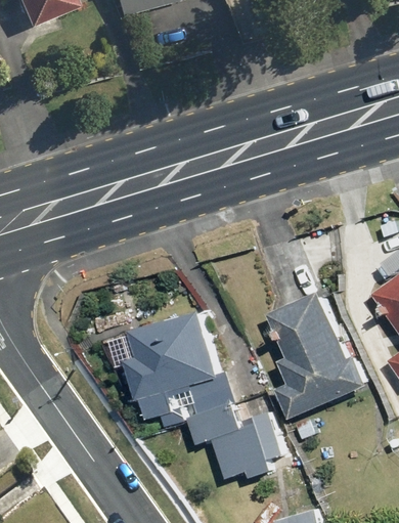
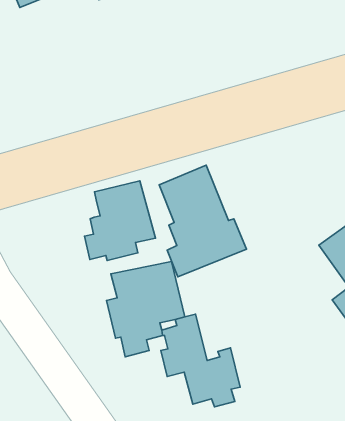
building: none -> [85,181,155,260]
building: [267,291,367,419] -> [159,165,246,277]

